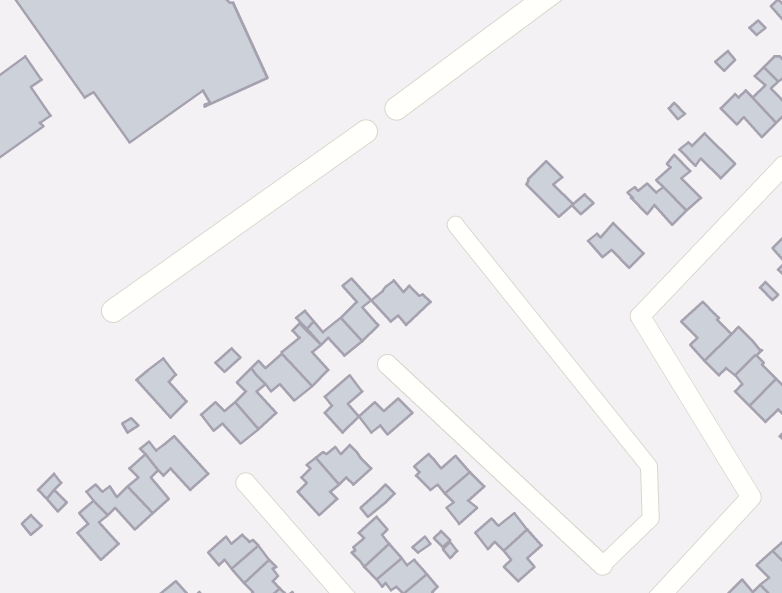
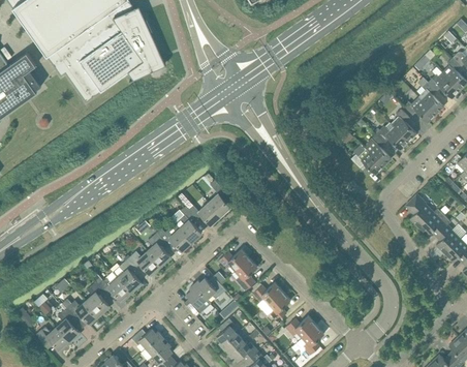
building: none -> [416,77,444,114]
building: [526,161,573,217] -> [365,133,392,165]
building: [371,280,431,325] -> none
building: [136,358,187,418] -> [113,258,142,293]
building: [325,375,362,433] -> [236,257,257,290]
building: none -> [37,327,70,350]

